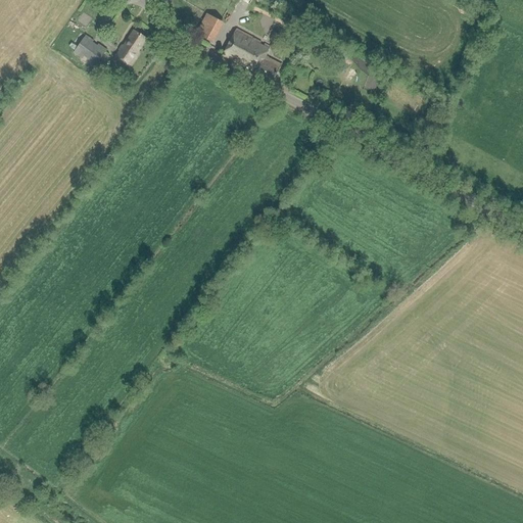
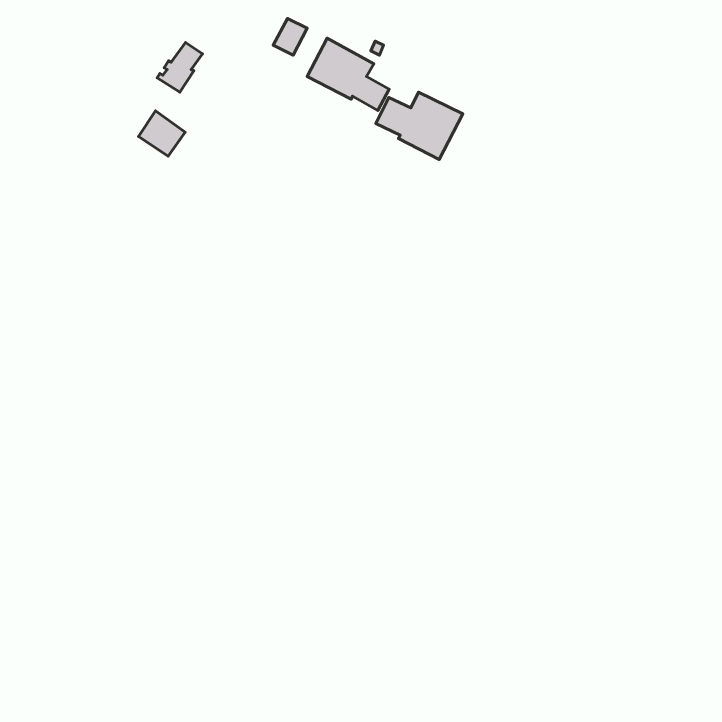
building: [74,34,107,66] -> [138,111,185,156]
building: none -> [376,92,463,160]

